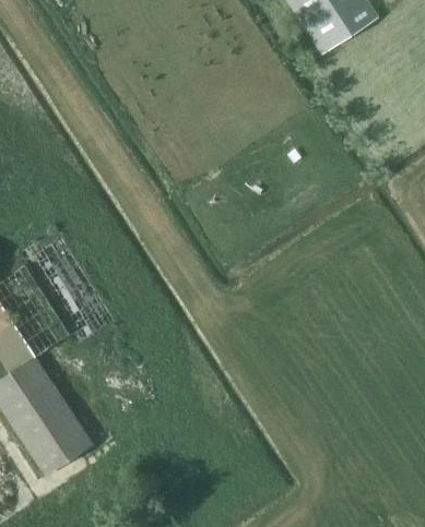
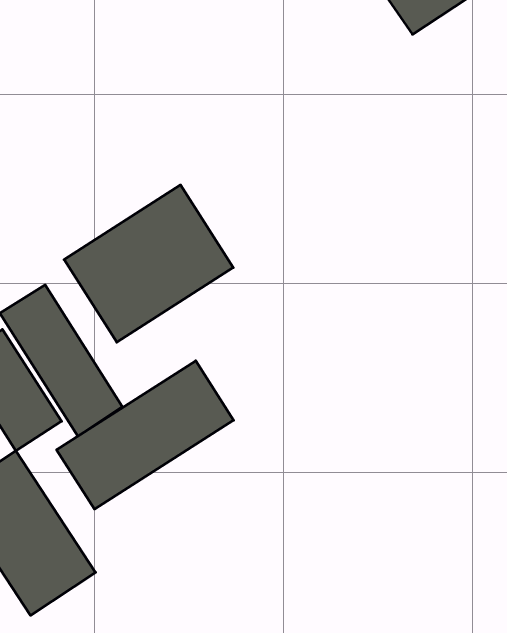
building: none -> [64,185,233,342]
building: none -> [57,361,234,509]

